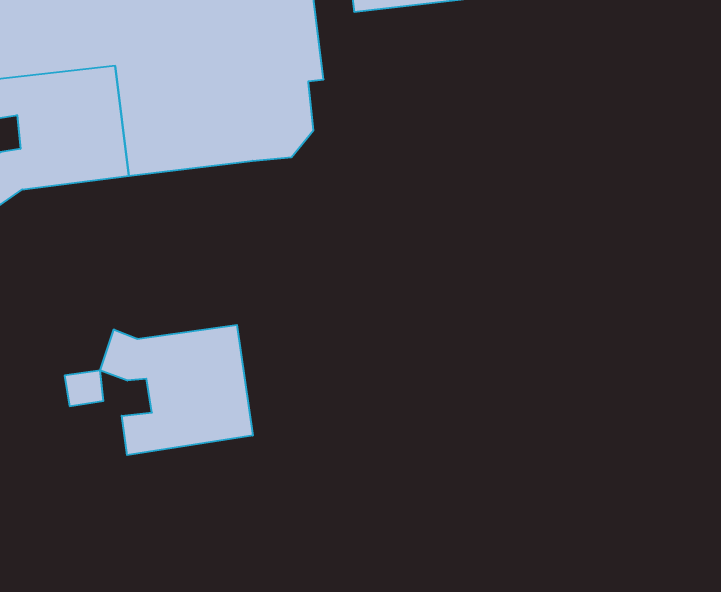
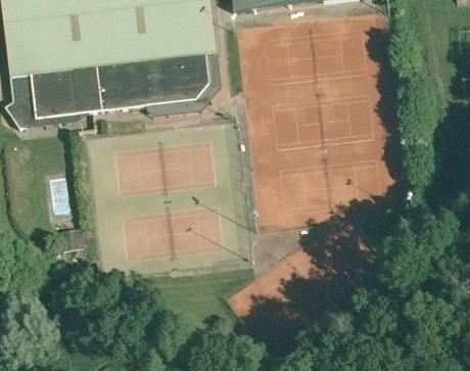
building: [100,325,253,455] -> none

